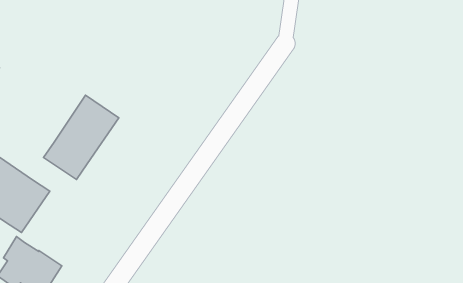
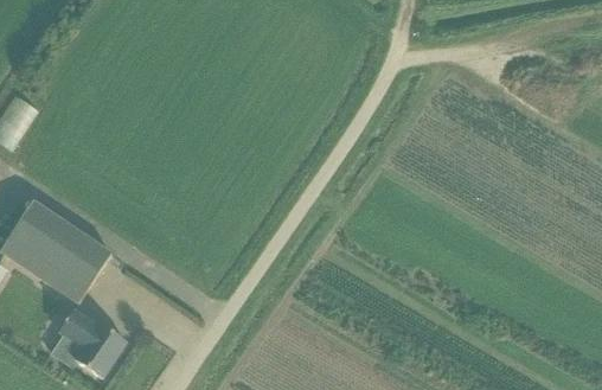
building: [43,95,119,179] -> none

